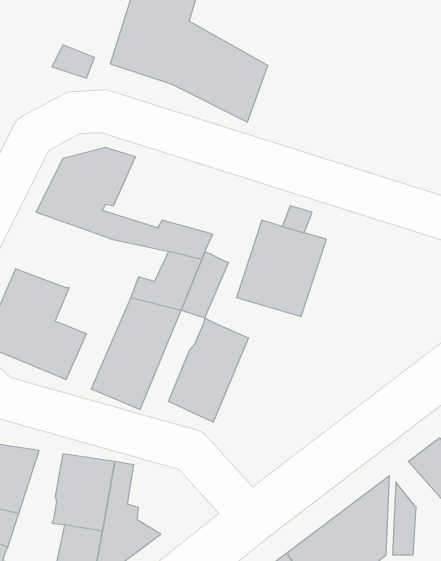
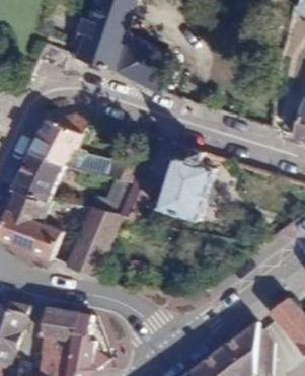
building: none -> [12,151,64,200]
building: [168,318,248,422] -> none

